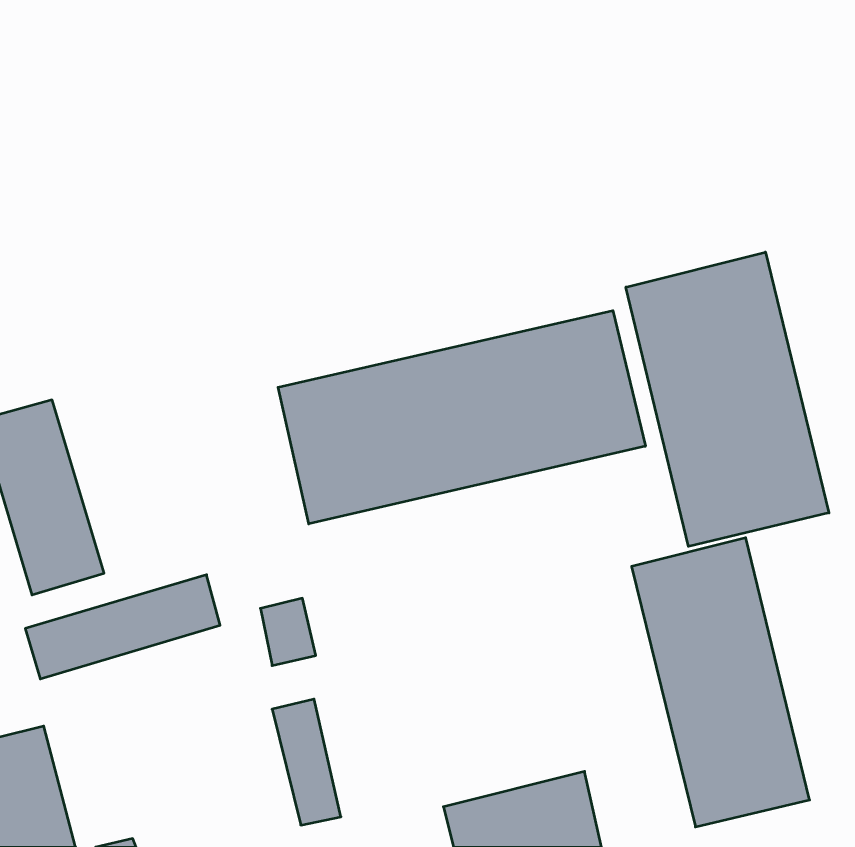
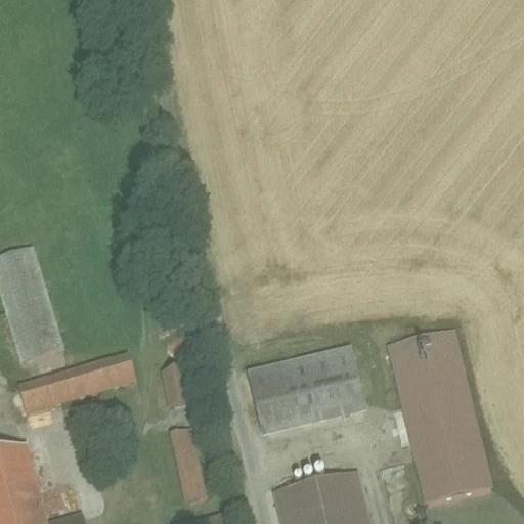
building: [626,252,829,546] -> none
building: [278,311,645,524] -> none
building: none -> [246,347,364,437]

